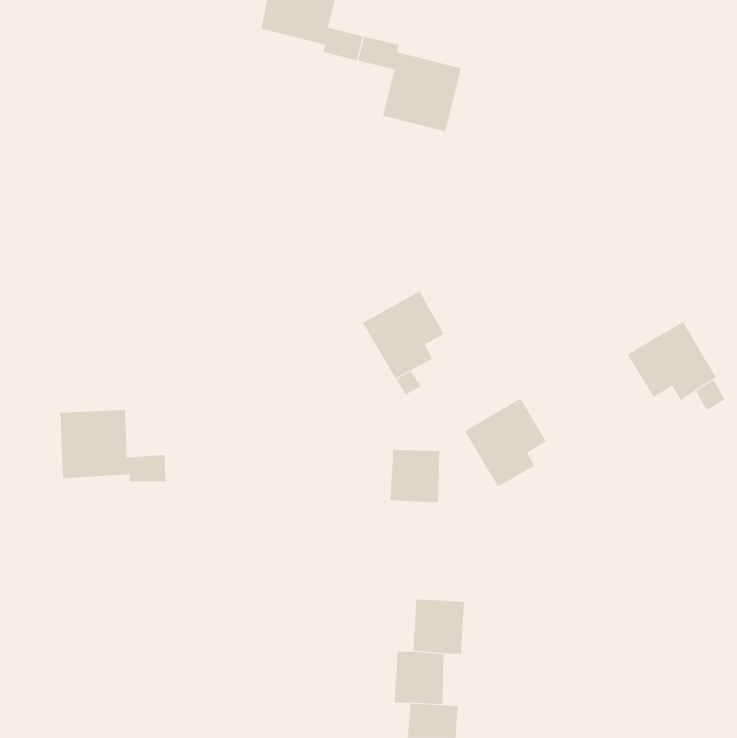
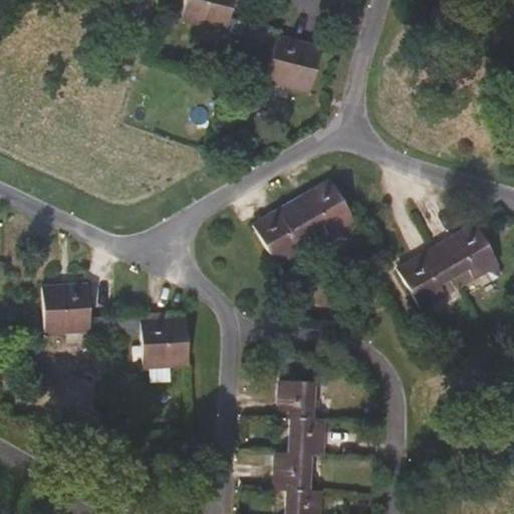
building: none -> [293,179,355,233]
building: [464,398,547,487] -> [398,246,455,308]
building: [390,449,440,503] -> [279,379,314,417]
building: none -> [116,314,190,365]

